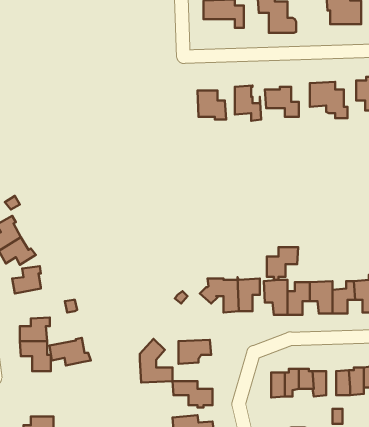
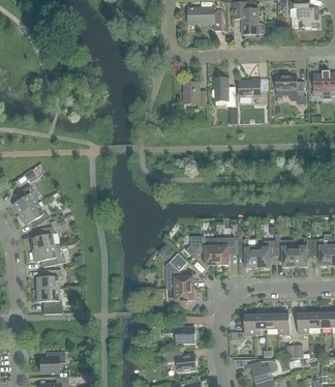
building: [267,247,298,280] -> none
building: [49,338,91,365] -> [32,243,66,266]
building: [140,339,172,383] -> [166,252,193,289]

